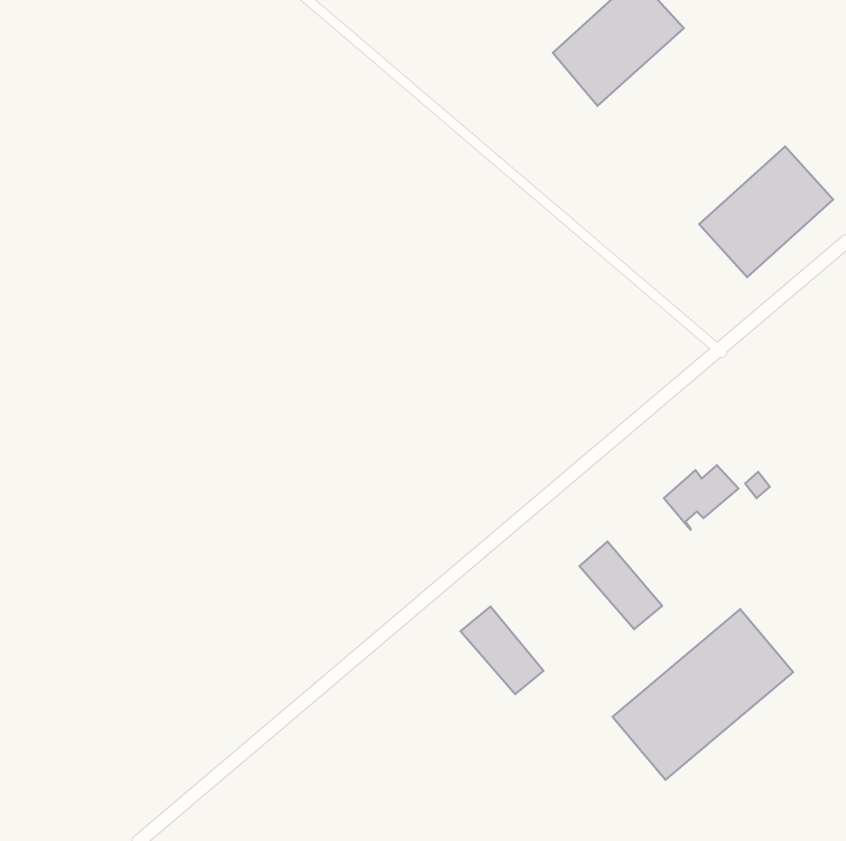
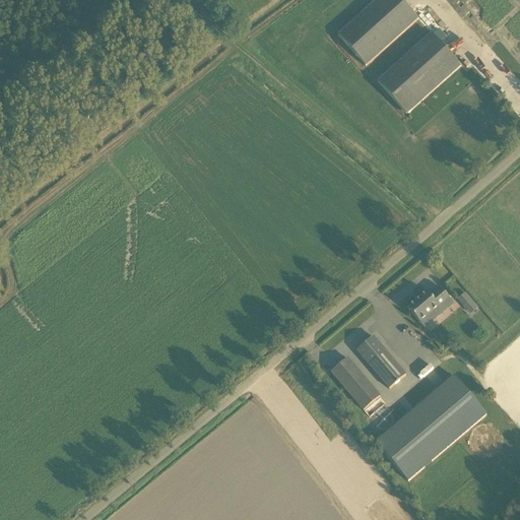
building: [699,146,833,277] -> [379,31,461,112]
building: [461,606,543,694] -> [329,354,380,408]

